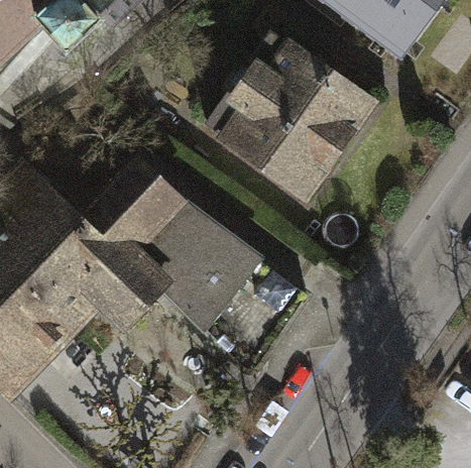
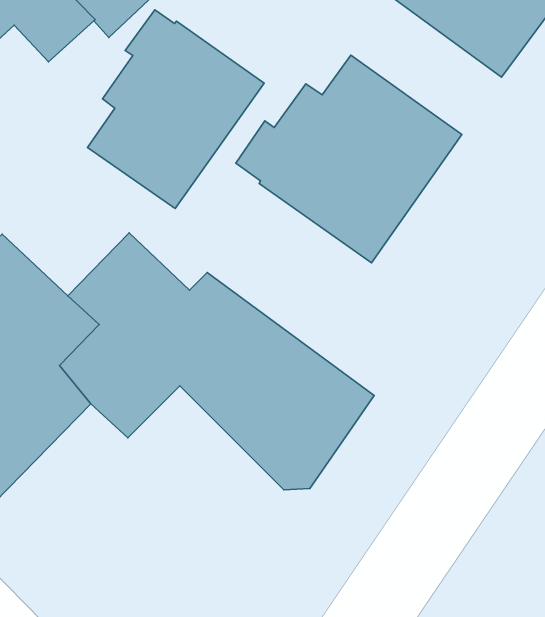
building: none -> [88,10,264,208]

